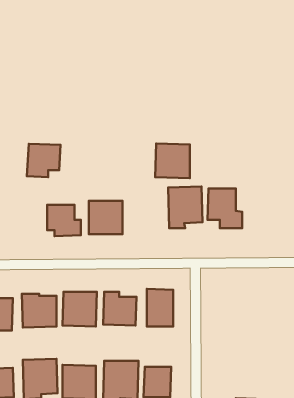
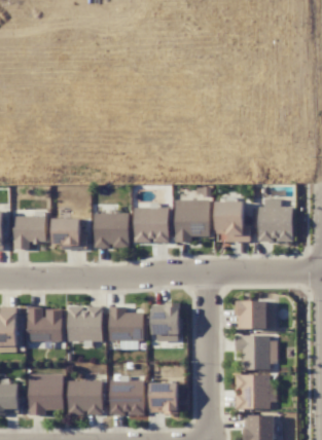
building: [155,144,190,178] -> [134,208,169,243]
building: [27,144,60,177] -> [12,216,46,250]
building: none -> [258,198,293,243]
building: none -> [236,300,276,329]
building: none -> [235,335,278,369]
building: none -> [235,374,270,409]

